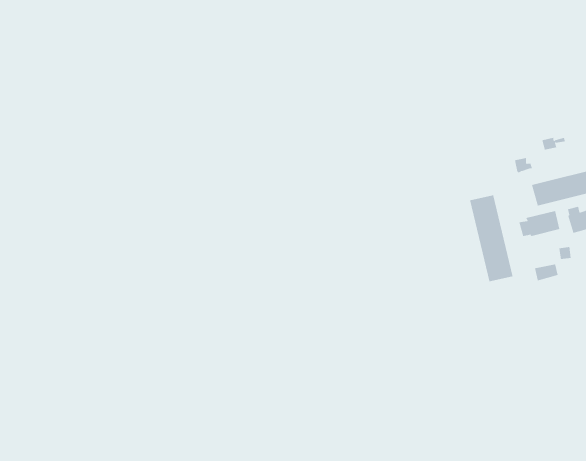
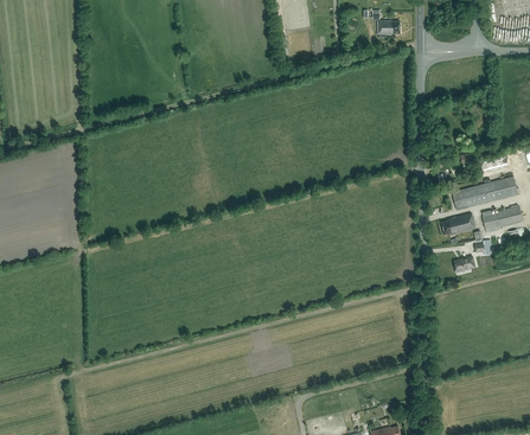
building: [469,194,513,282] -> none

